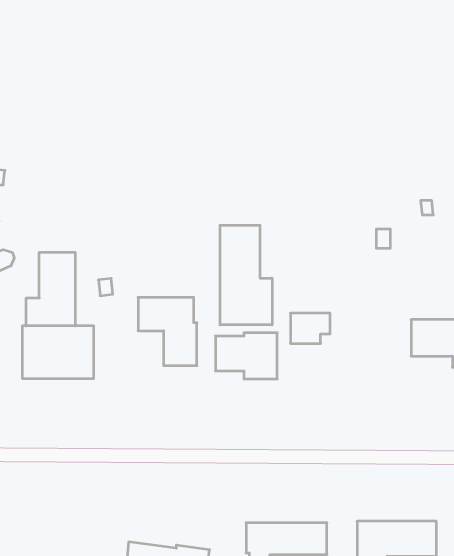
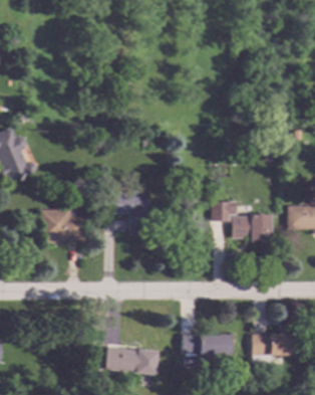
building: [220,225,272,325] -> none
building: [26,252,75,326] -> none
building: [215,333,277,379] -> [232,213,271,242]

